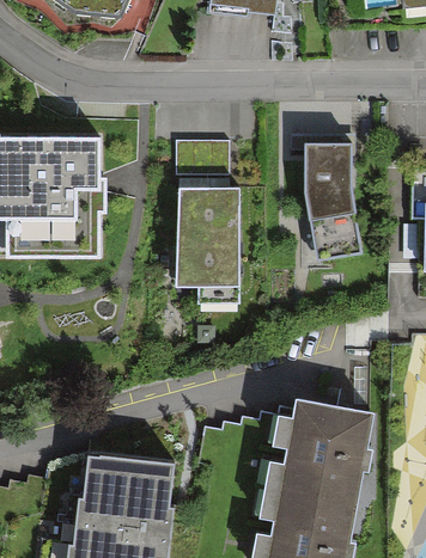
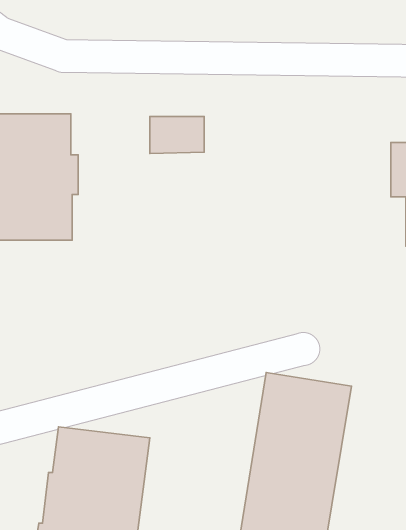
building: [305,147,360,263] -> none
building: [176,192,241,306] -> none

